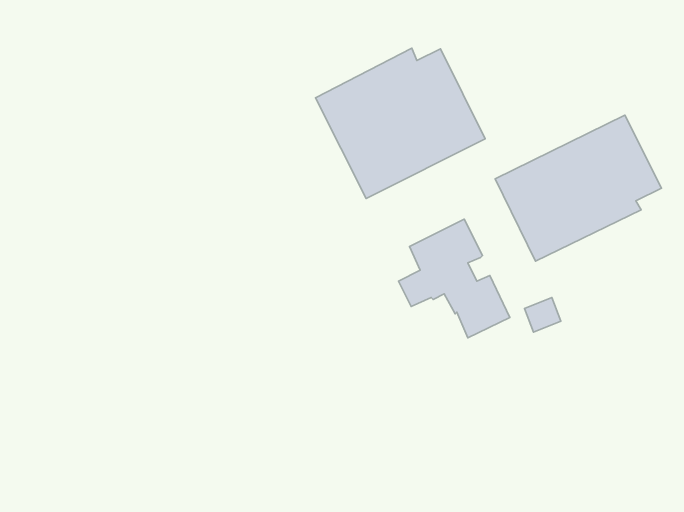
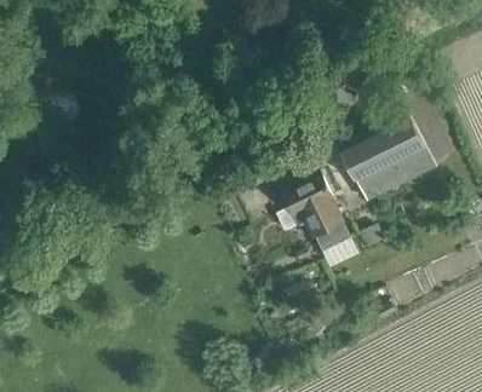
building: [315,48,485,198] -> none

